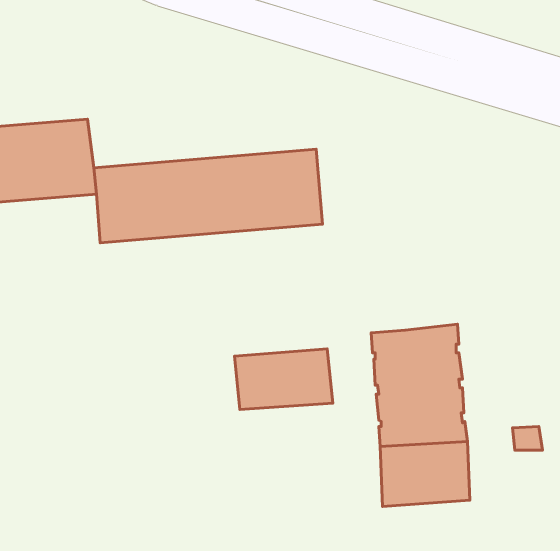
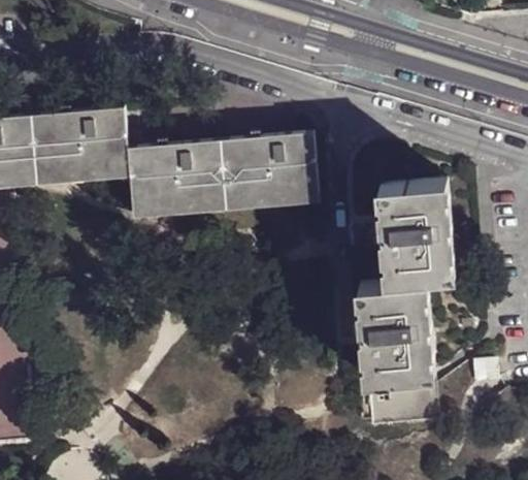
building: none -> [373,181,453,283]
building: [235,349,333,410] -> none

